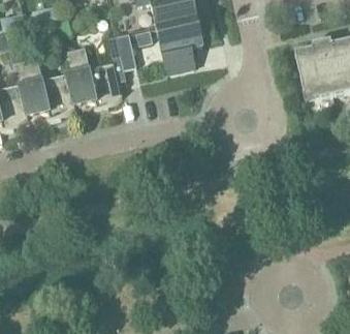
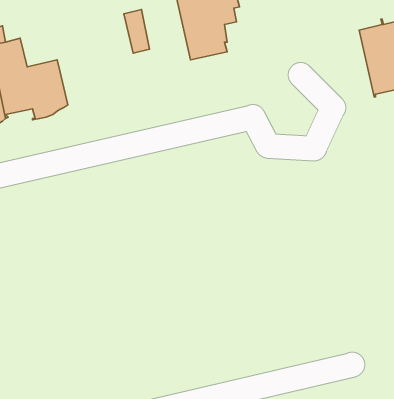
building: [61,47,122,109] -> none

